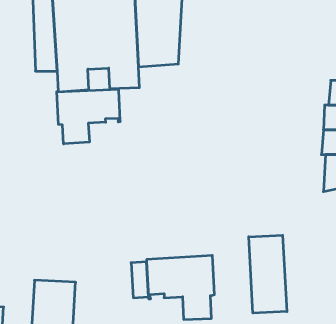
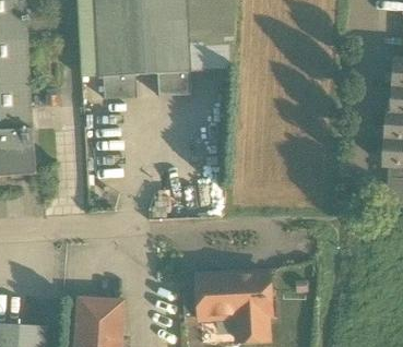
building: [57,89,120,144] -> none
building: [249,235,287,313] -> none

